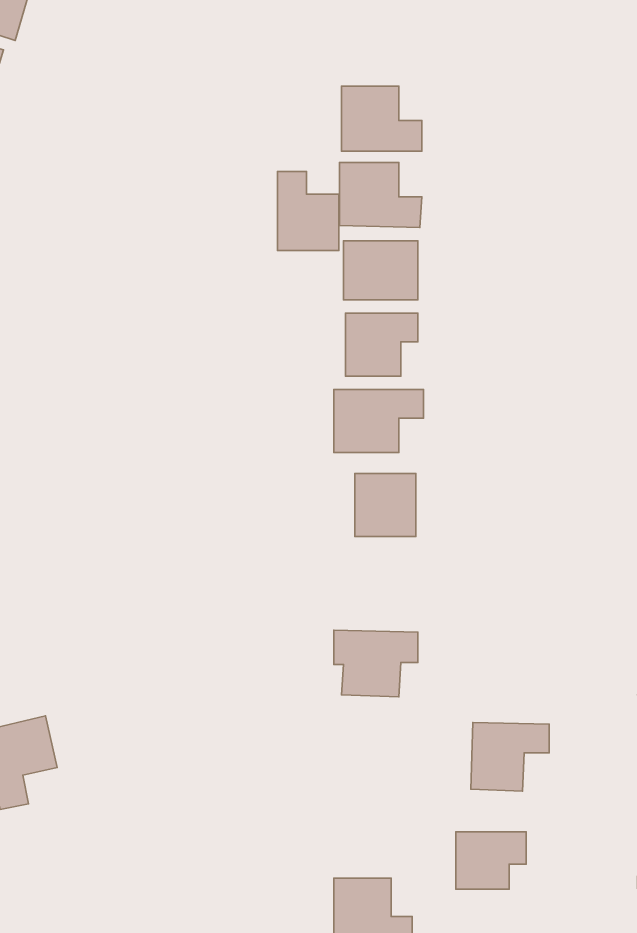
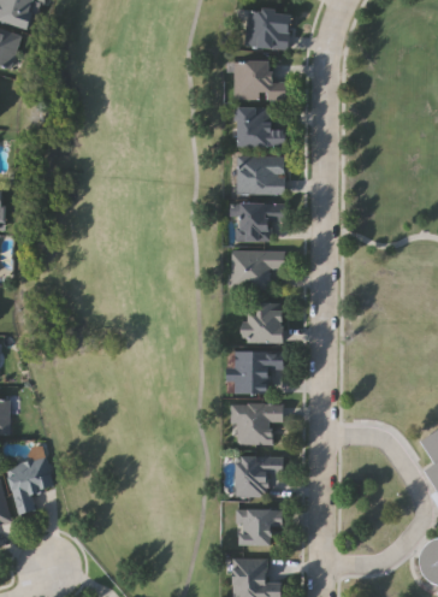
building: none -> [245,10,290,48]
building: [278,171,339,250] -> none
building: none -> [232,351,282,394]
building: [471,722,549,791] -> [232,454,282,497]
building: [456,832,526,889] -> [236,509,280,545]

